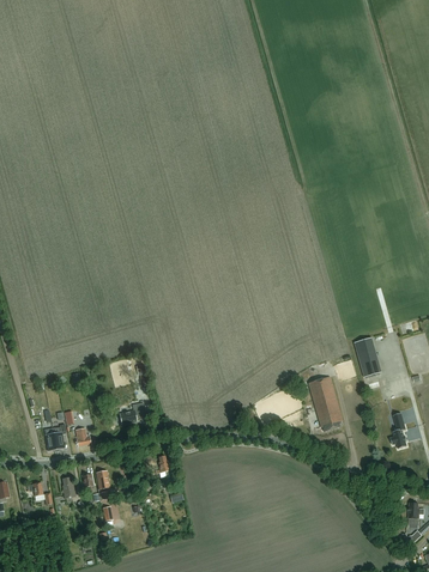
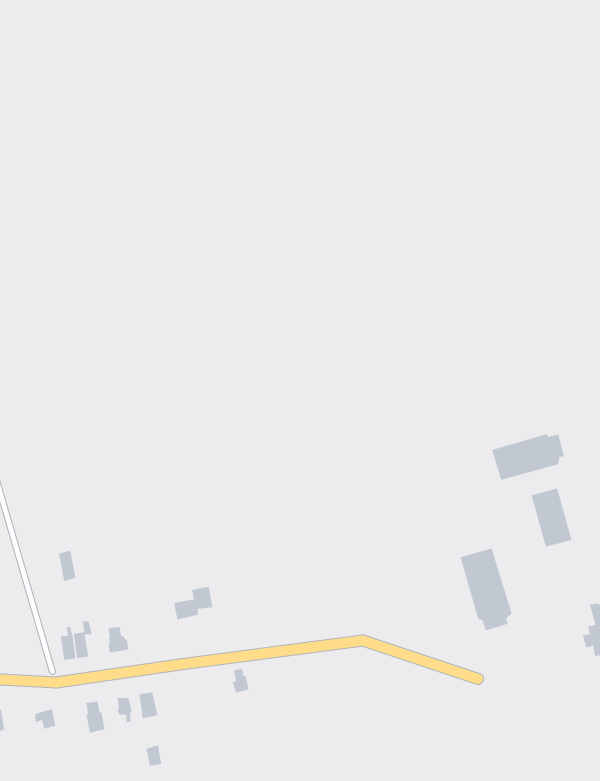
building: none -> [491,433,565,481]

